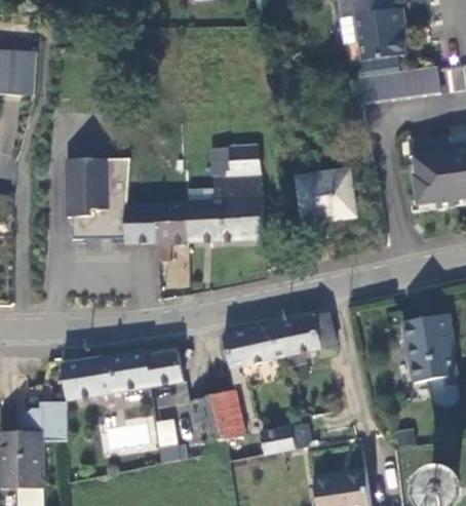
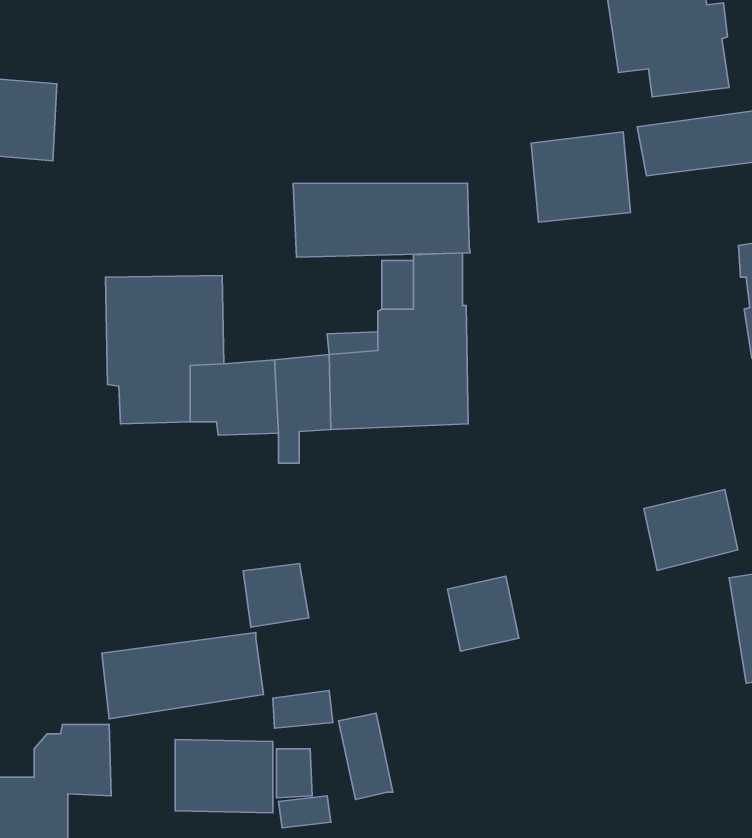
building: none -> [293,183,470,257]
building: [299,169,353,219] -> [531,132,631,222]
building: [282,311,334,355] -> [644,490,738,570]
building: [222,328,258,369] -> none
building: [146,351,182,386] -> [243,563,309,627]
building: [211,391,244,439] -> none
building: [260,425,307,455] -> none

